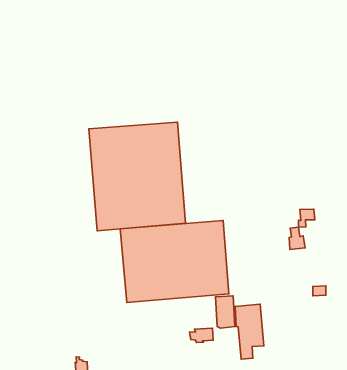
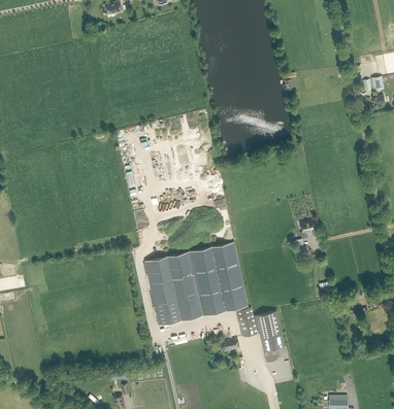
building: [89,122,186,231] -> none

